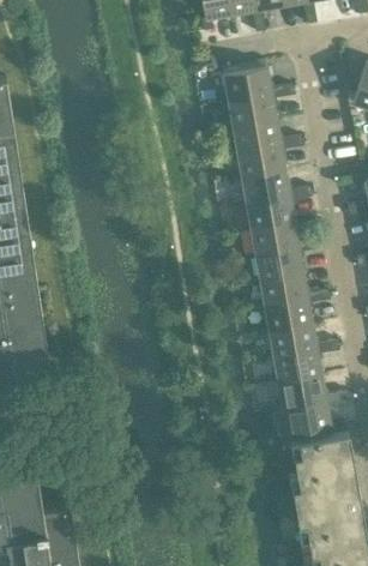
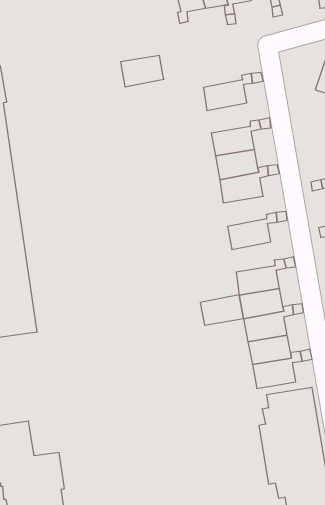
building: [224,70,272,104] -> [121,55,164,87]
building: [233,121,280,155] -> none
building: [251,224,298,258] -> none
building: [260,275,308,308] -> [200,295,244,325]

